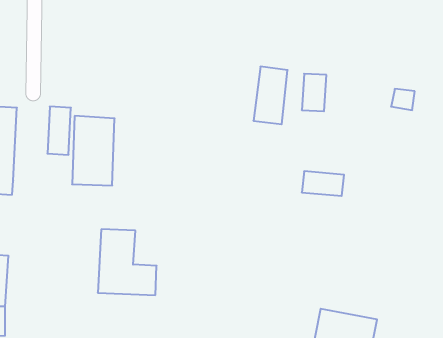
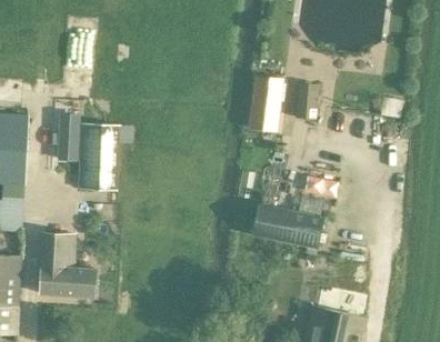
building: none -> [251,202,323,249]
building: [98,229,157,295] -> [38,233,93,295]

